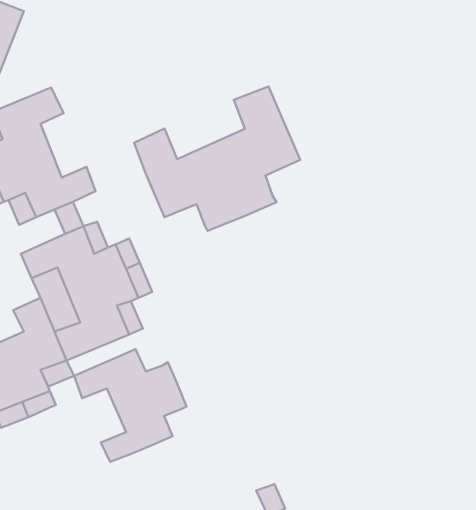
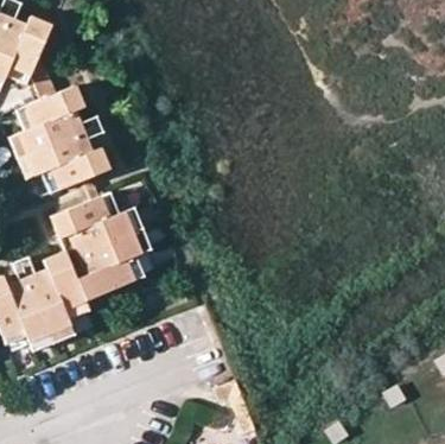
building: [134,87,300,231] -> none
building: [74,349,186,462] -> none

